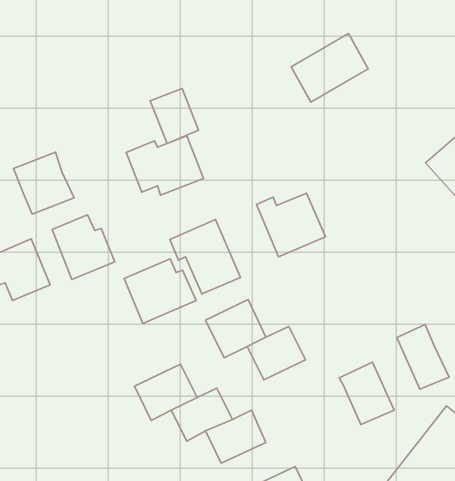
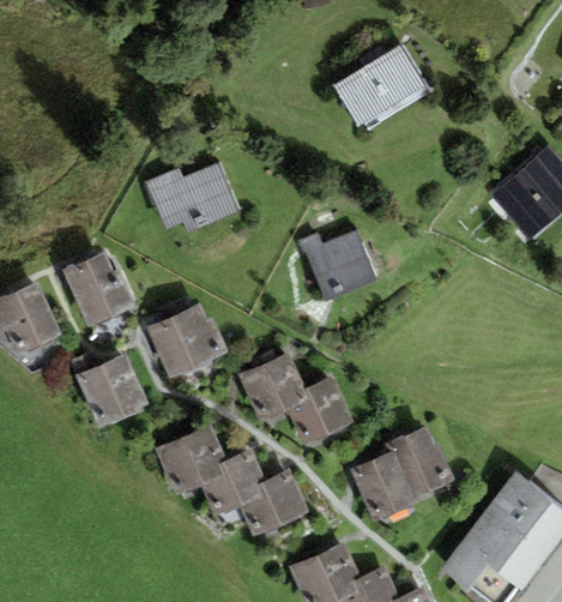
building: [150,88,198,143] -> none
building: [13,152,74,214] -> none
building: [170,220,241,294] -> none
building: none -> [70,354,149,429]
building: [397,324,449,389] -> none
building: none -> [350,449,419,522]

